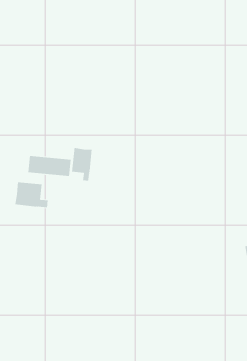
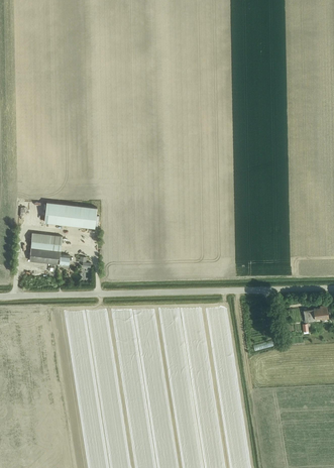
building: [71,147,92,181] -> none

